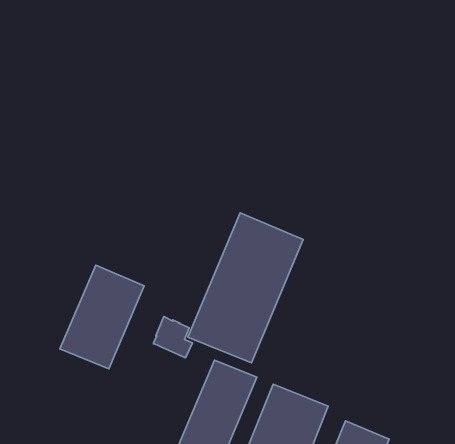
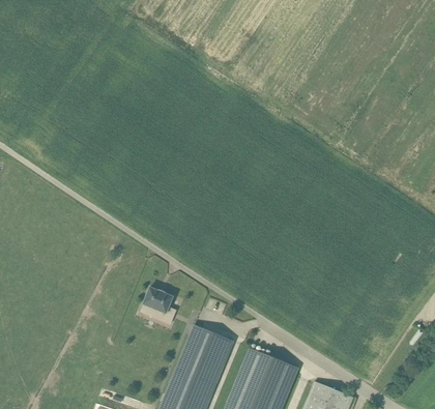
building: [188,213,303,363] -> none
building: [60,265,144,369] -> none

